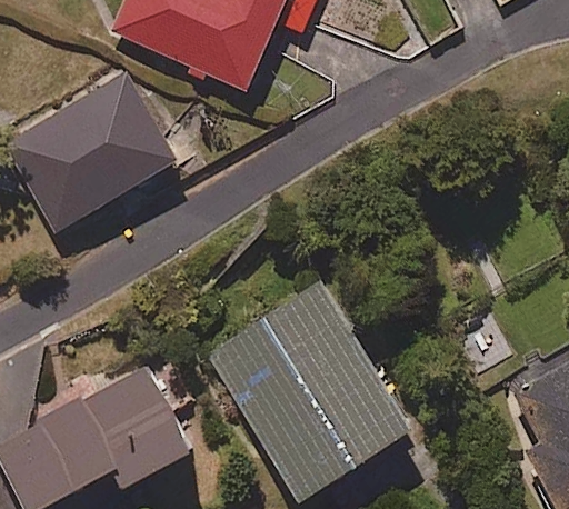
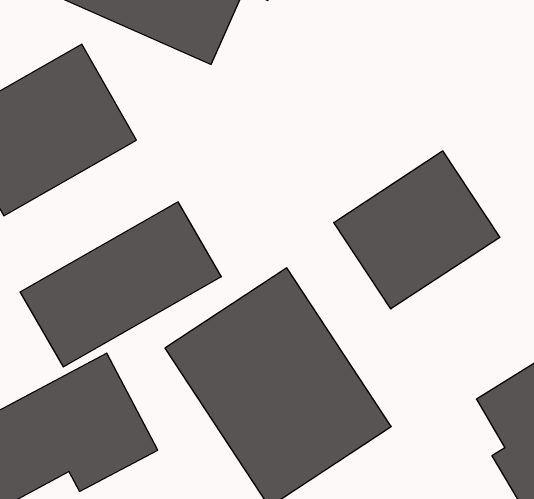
building: none -> [334,151,500,309]
building: none -> [20,202,221,367]

